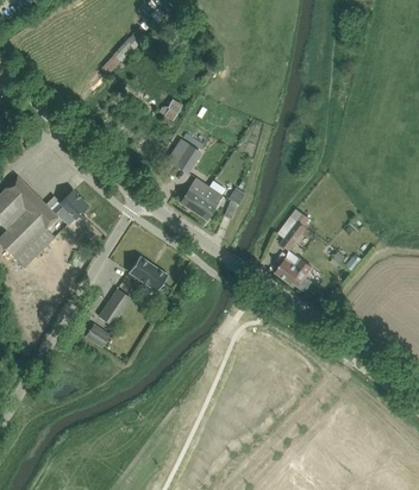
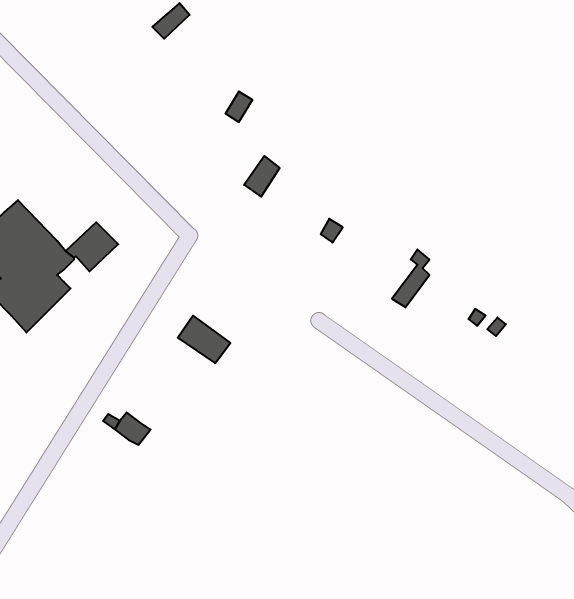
building: [179,184,223,220] -> none
building: [275,258,312,291] -> none
building: [98,288,130,326] -> none

